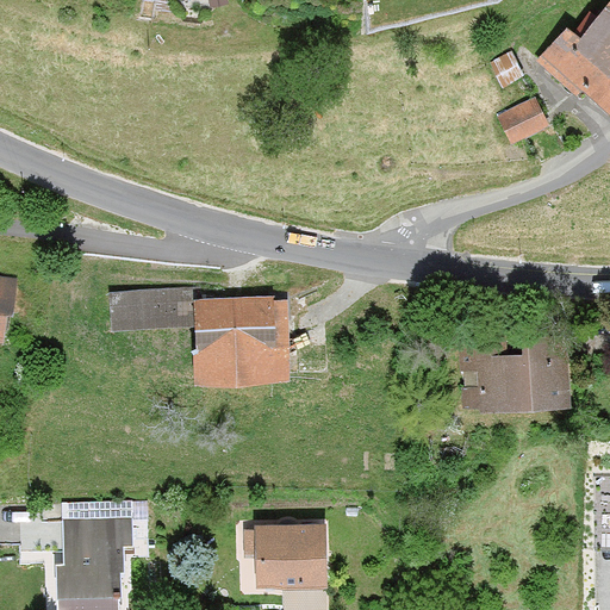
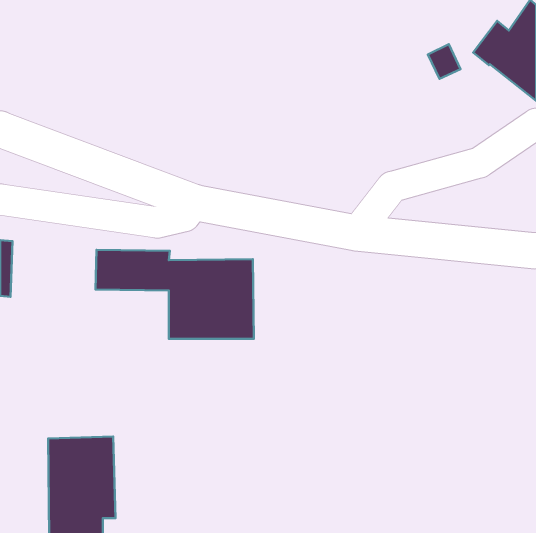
building: [493,97,548,148] -> none
building: [461,337,569,415] -> none
building: [251,519,326,589] -> none

